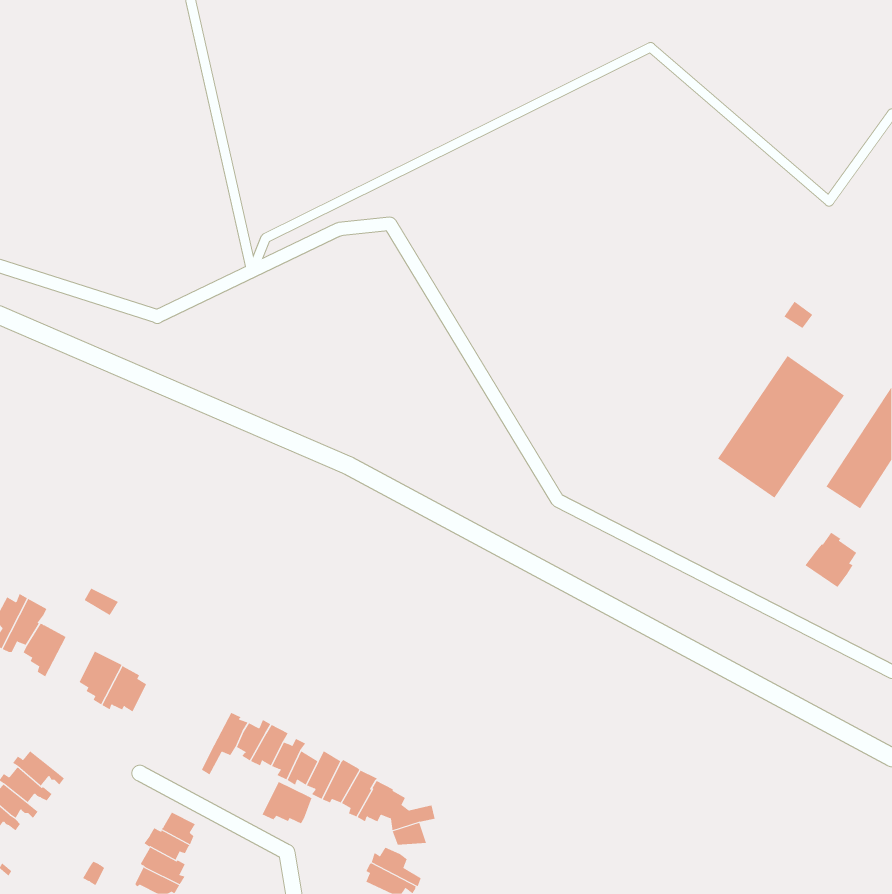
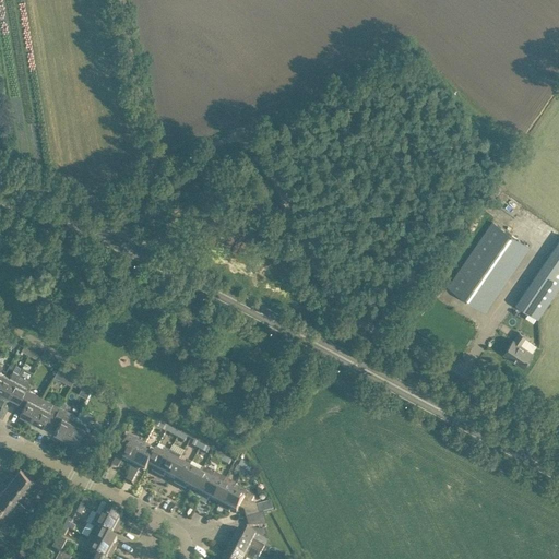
building: none -> [28,397,59,426]
building: none -> [117,436,144,469]
building: [262,781,312,824] -> none

